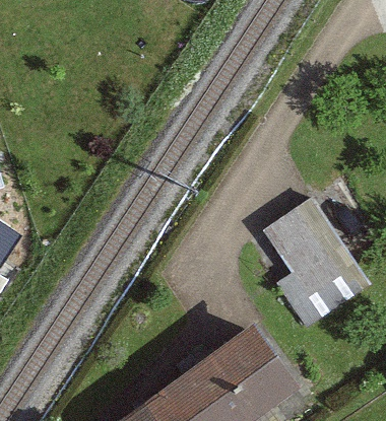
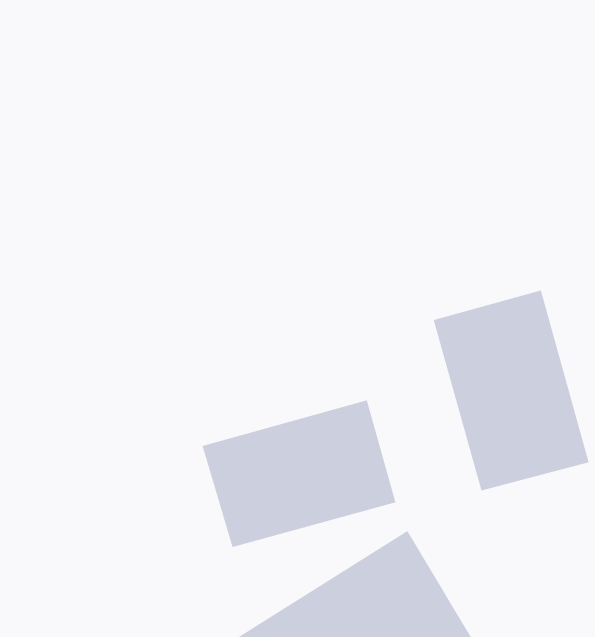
building: none -> [202,399,396,548]

